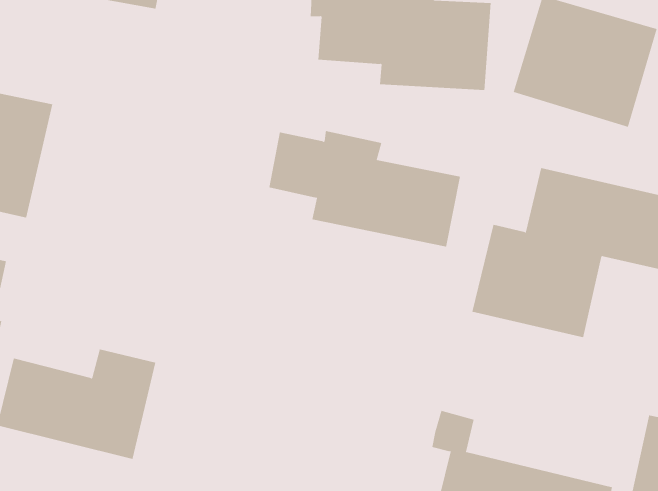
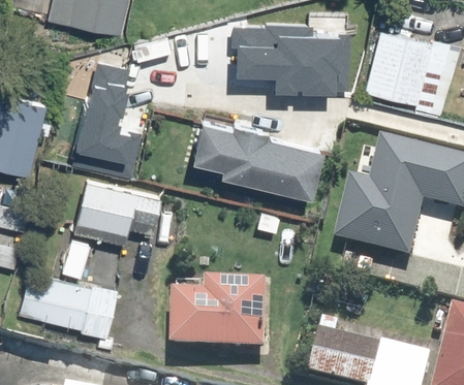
building: none -> [65,55,140,174]
building: none -> [75,178,161,240]
building: none -> [172,278,267,350]

